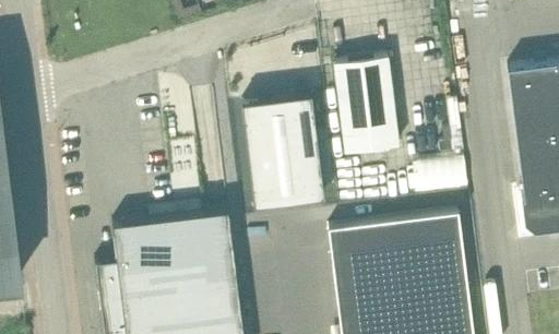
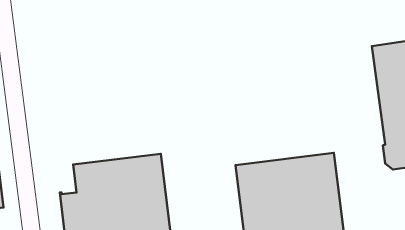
building: [335,57,400,153] -> none
building: [241,94,325,206] -> none

